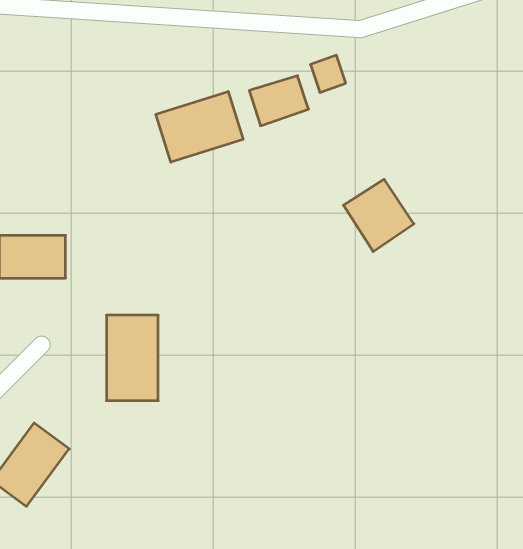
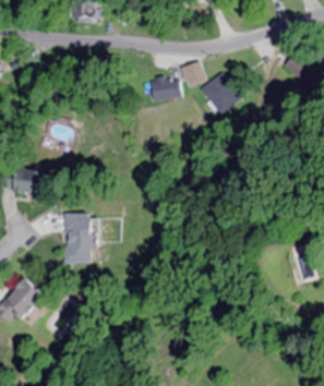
building: [156,91,243,162] -> none
building: [343,179,414,252] -> [202,72,243,114]

